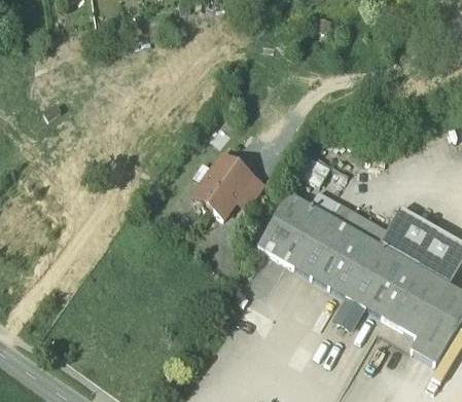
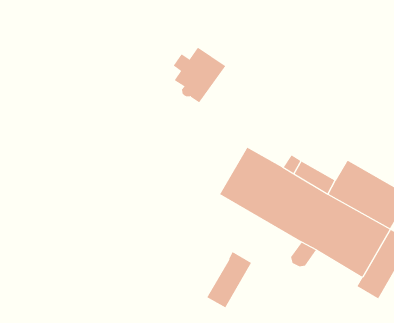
building: [193,156,253,219] -> [173,47,226,103]
building: none -> [207,251,252,308]

